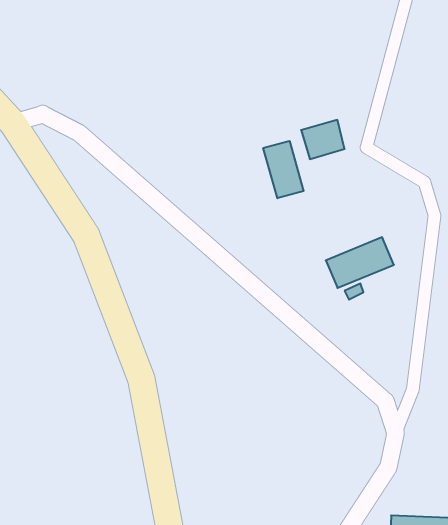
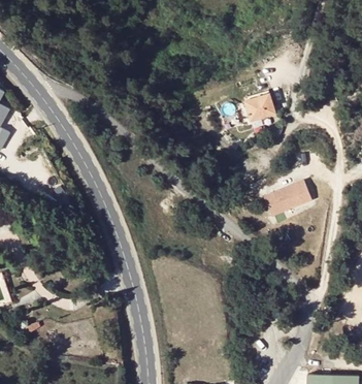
building: [263,141,304,198] -> none

